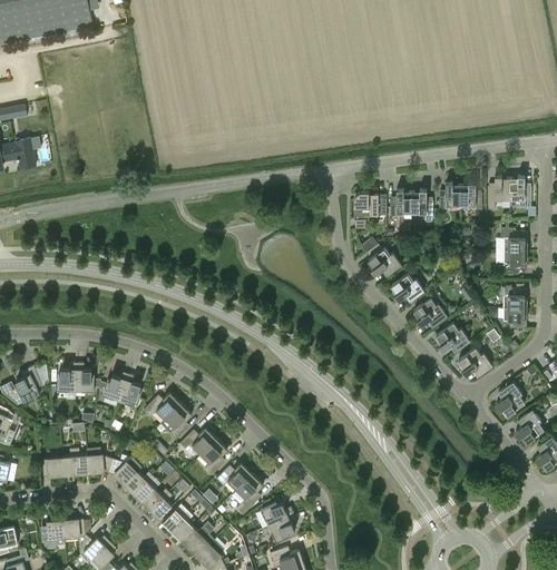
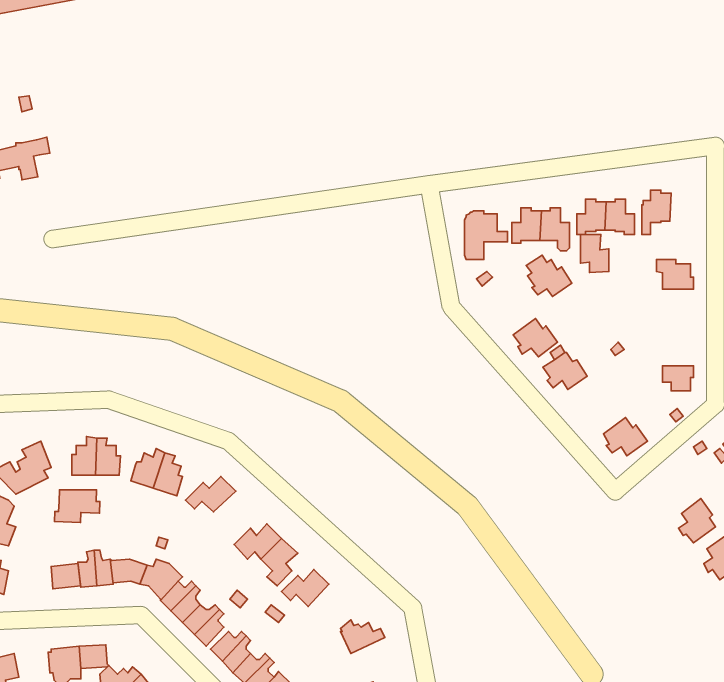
building: [508,176,530,206] -> none
building: none -> [581,234,609,272]
building: [365,244,400,275] -> [526,255,572,296]
building: [500,250,526,275] -> none
building: [500,286,526,308] -> none
building: [434,323,468,352] -> none
building: [495,382,524,415] -> none
building: none -> [54,490,100,523]
building: [159,403,192,440] -> none
building: [231,473,262,514] -> none
building: [267,513,296,542] -> none

